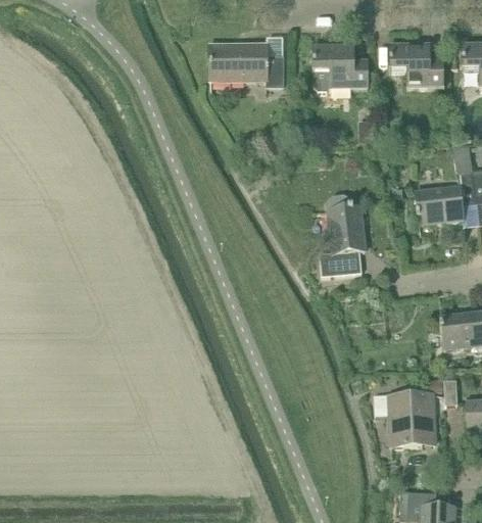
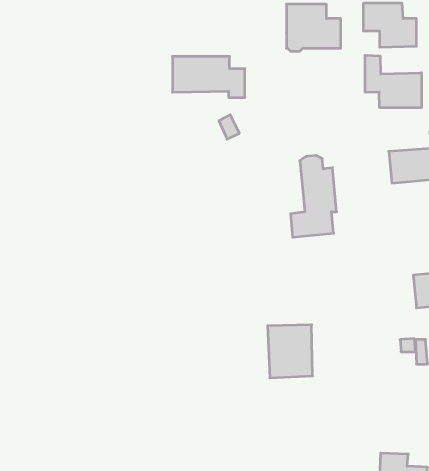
building: [210,45,283,86] -> [172,56,245,97]
building: none -> [365,55,421,108]
building: [388,393,433,446] -> [268,325,313,378]

